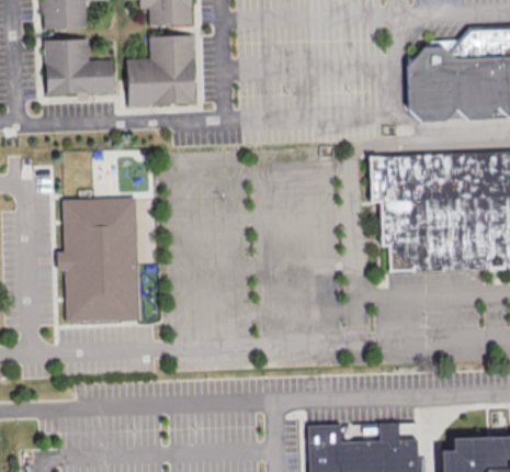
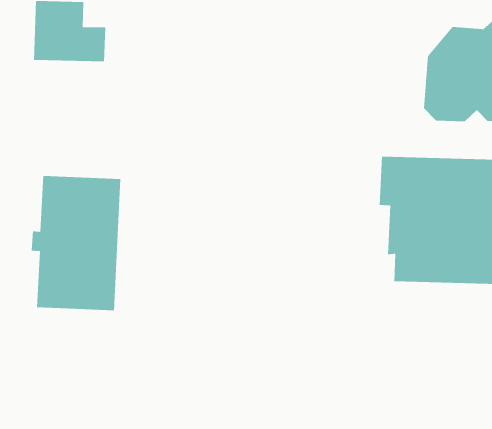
building: [127,35,196,108] -> none

